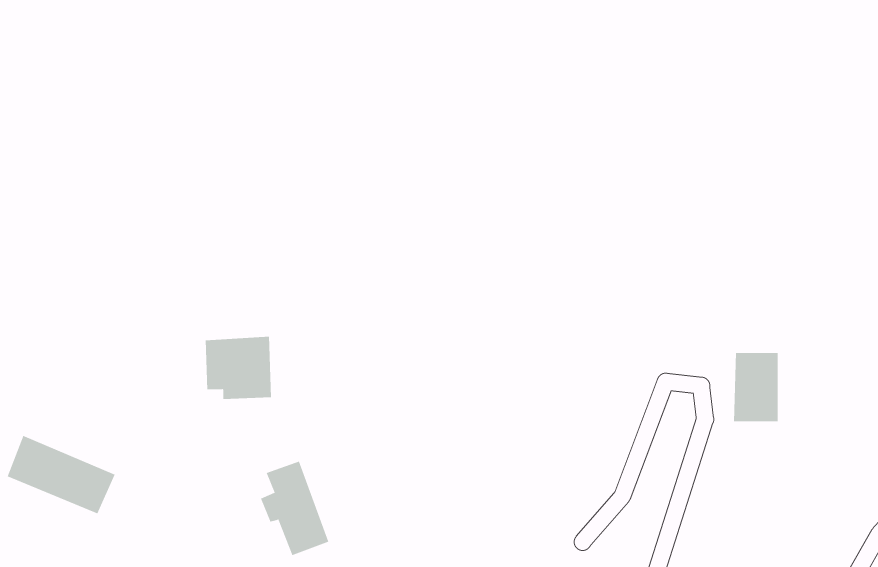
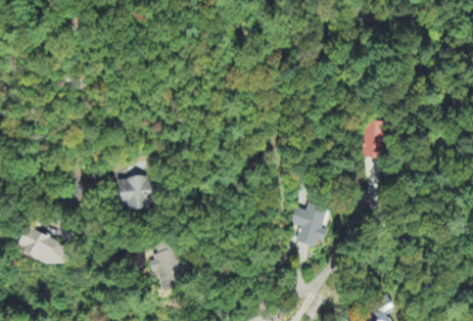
building: [733,353,779,422] -> [359,122,382,157]
building: none -> [289,202,328,247]

